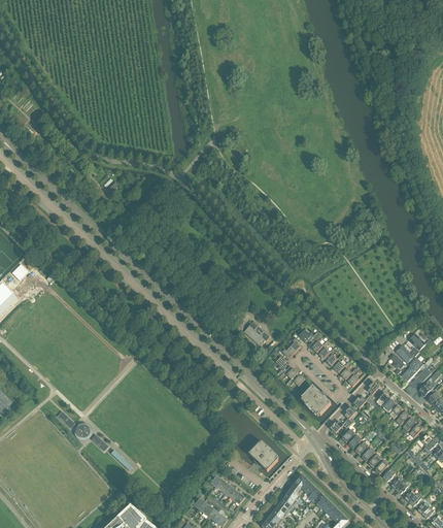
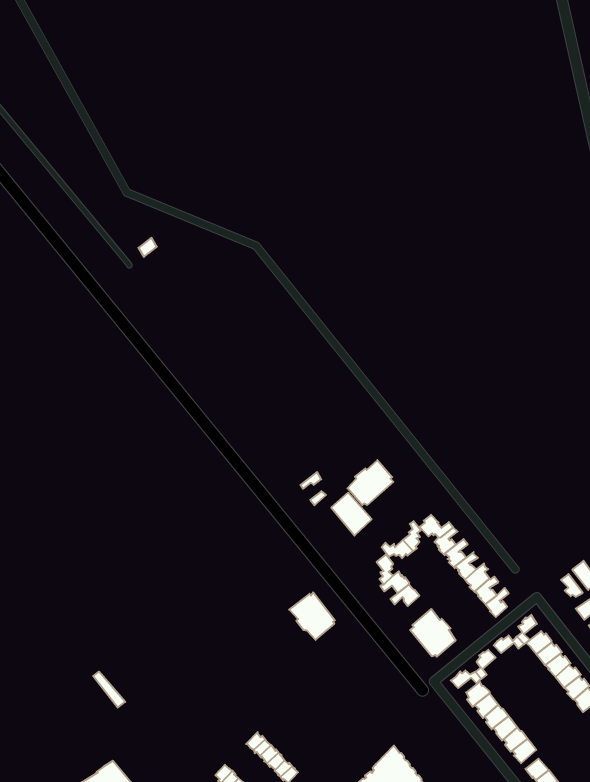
building: none -> [347,460,393,505]
building: [248,441,277,470] -> [289,592,335,640]

